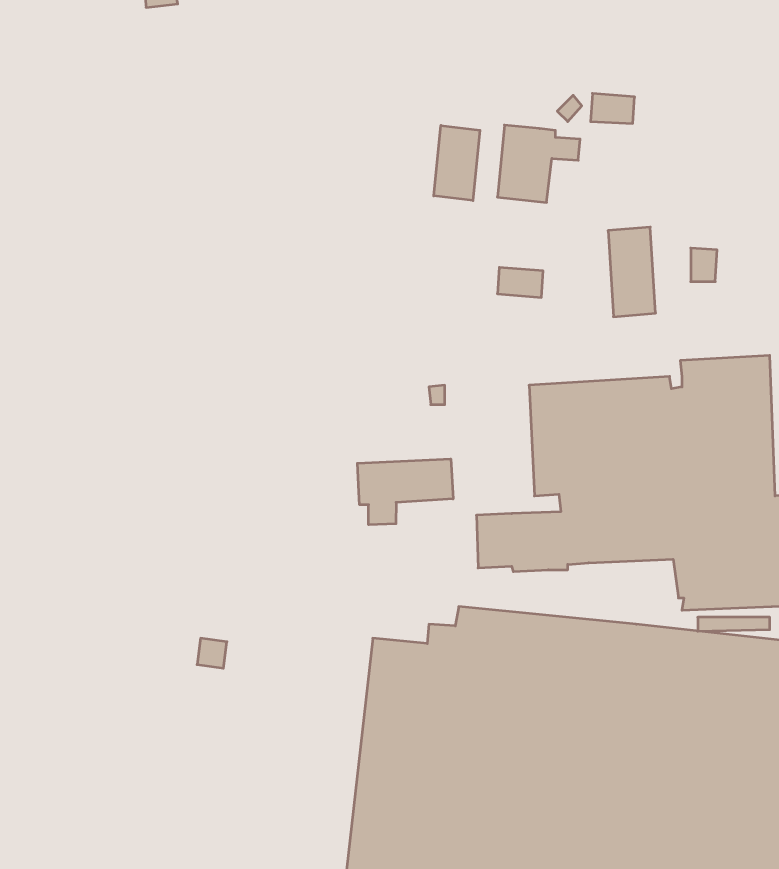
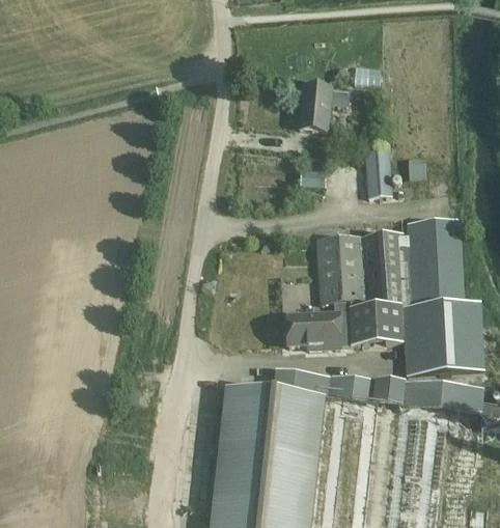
building: [434,125,480,201] -> none
building: [357,459,453,525] -> none

